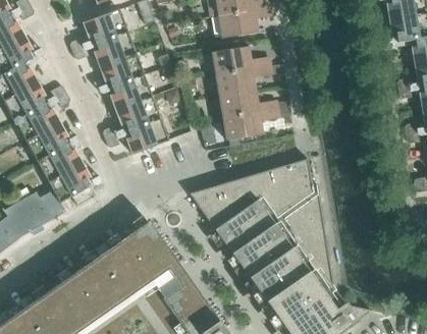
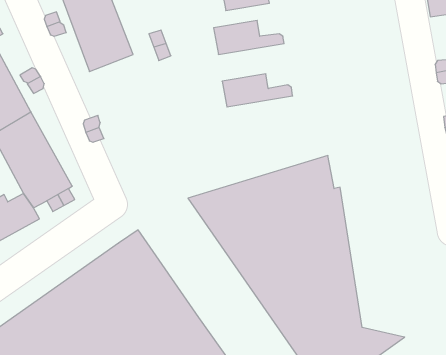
building: [216,65,272,97] -> none
building: [108,74,169,154] -> none
building: [223,109,279,141] -> none

